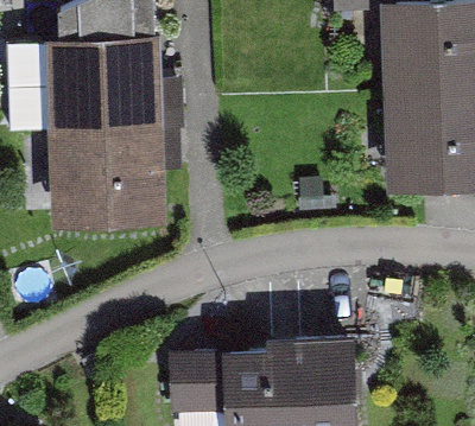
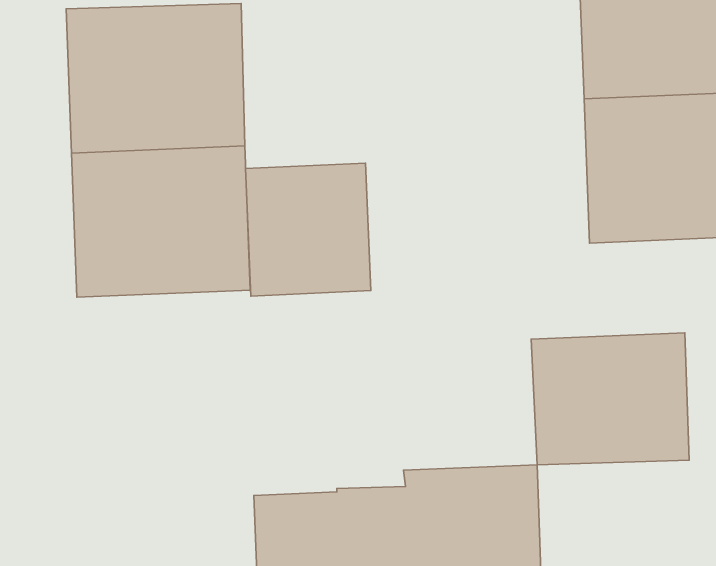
building: none -> [246,163,371,296]
building: none -> [531,333,689,465]

